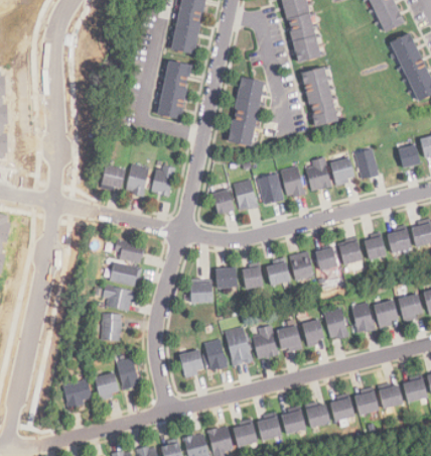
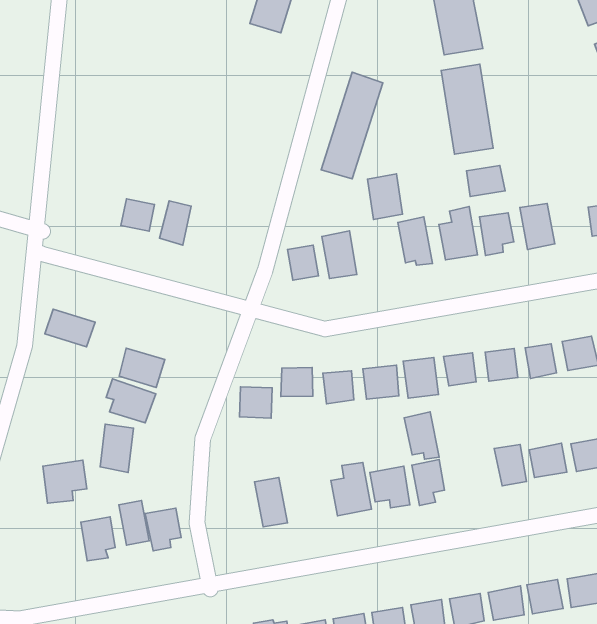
building: [158,59,190,117] -> none
building: none -> [466,166,505,197]
building: [153,169,171,197] -> none
building: [256,172,280,202] -> [367,174,403,220]
building: [115,241,146,263] -> [45,309,95,347]
building: [323,308,347,338] -> [404,412,439,459]
building: [221,324,250,365] -> none
building: [176,348,200,376] -> [145,508,181,551]
building: [62,379,92,409] -> [43,460,87,503]

